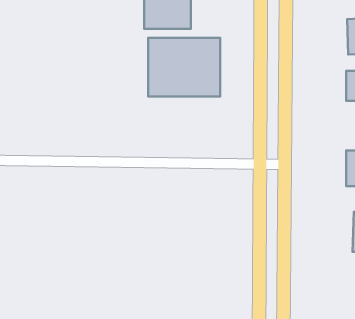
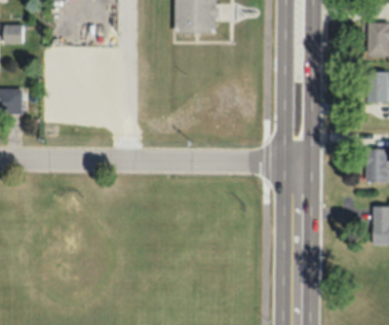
building: [148,38,220,97] -> none

